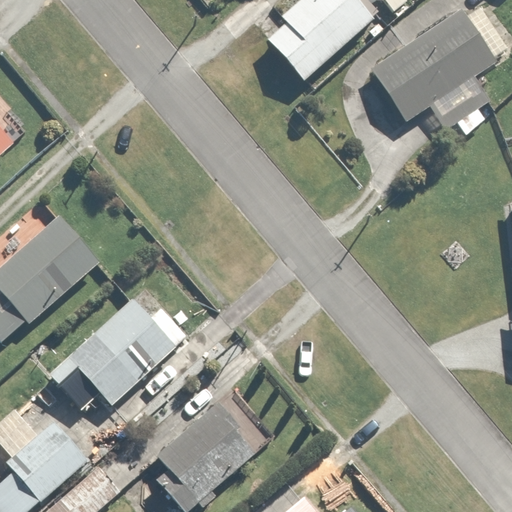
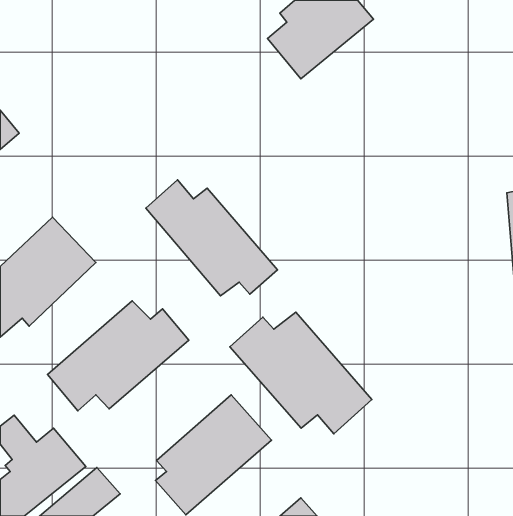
building: [372,12,495,134] -> none
building: none -> [146,180,277,296]
building: none -> [230,312,372,434]

